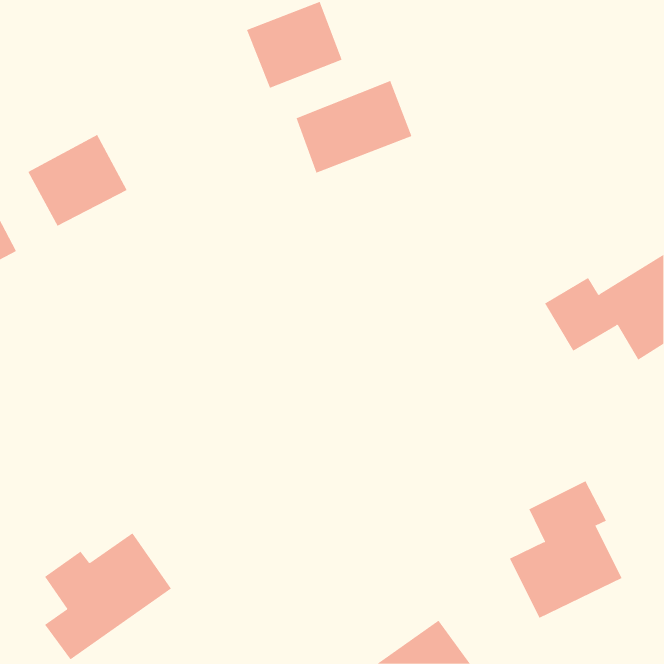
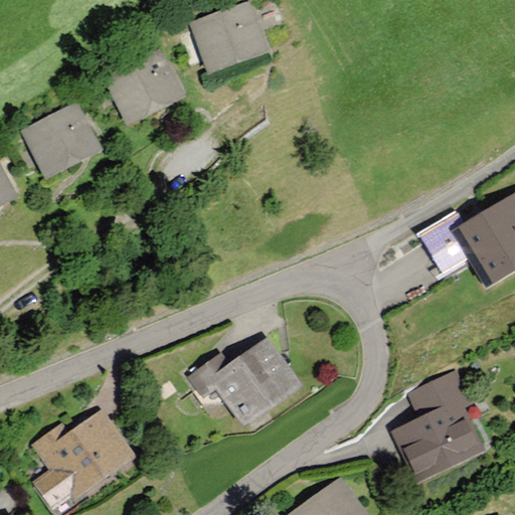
building: none -> [104,51,181,122]
building: [296,80,412,173] -> none
building: none -> [189,338,300,423]

